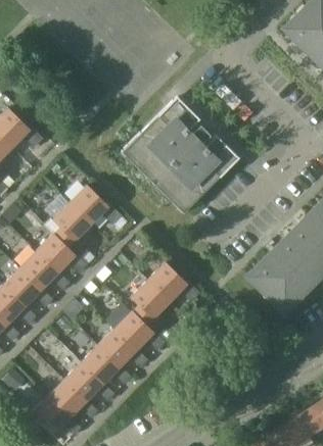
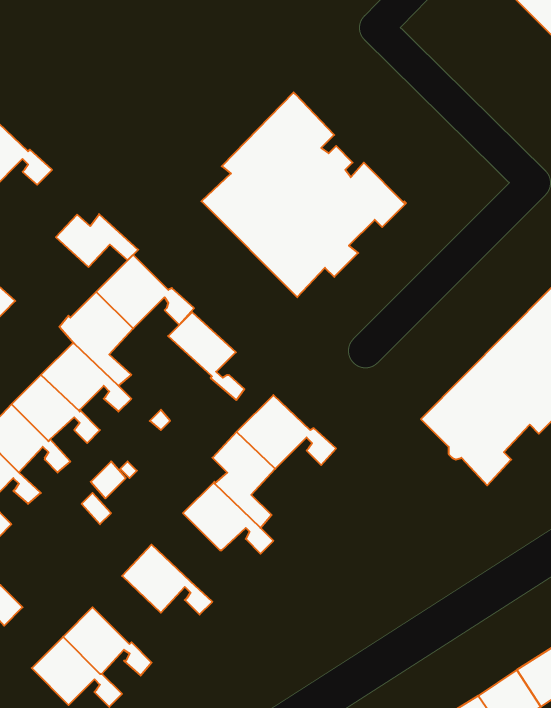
building: none -> [56,214,138,267]
building: none -> [168,312,244,400]
building: [98,328,148,366] -> none
building: [65,362,114,400] -> none

